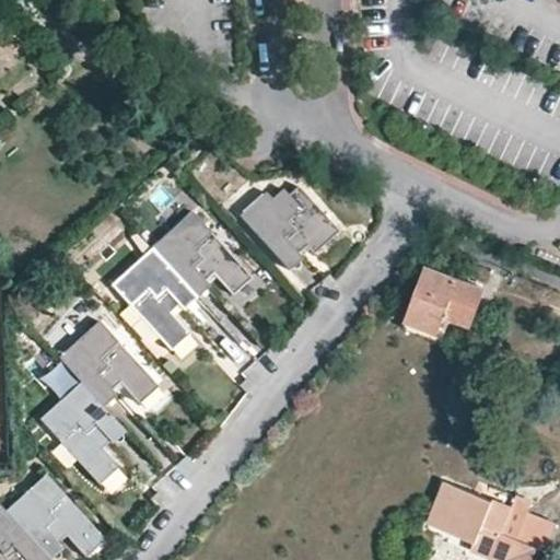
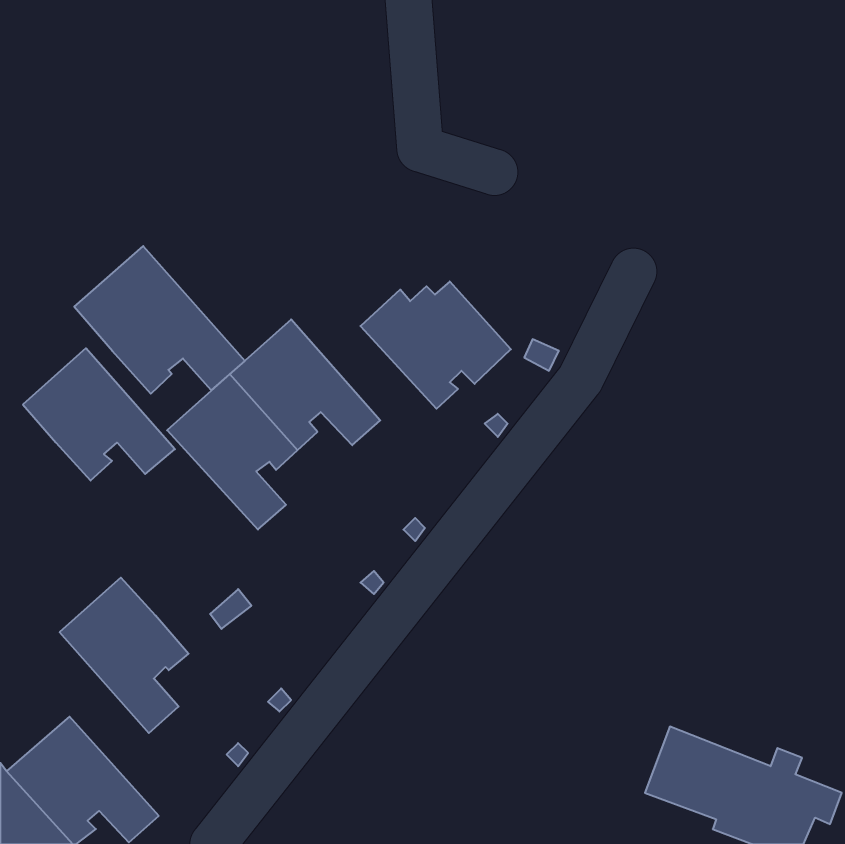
building: none -> [74,246,245,394]
building: [404,264,482,329] -> none
building: [58,319,159,407] -> [23,348,175,481]

